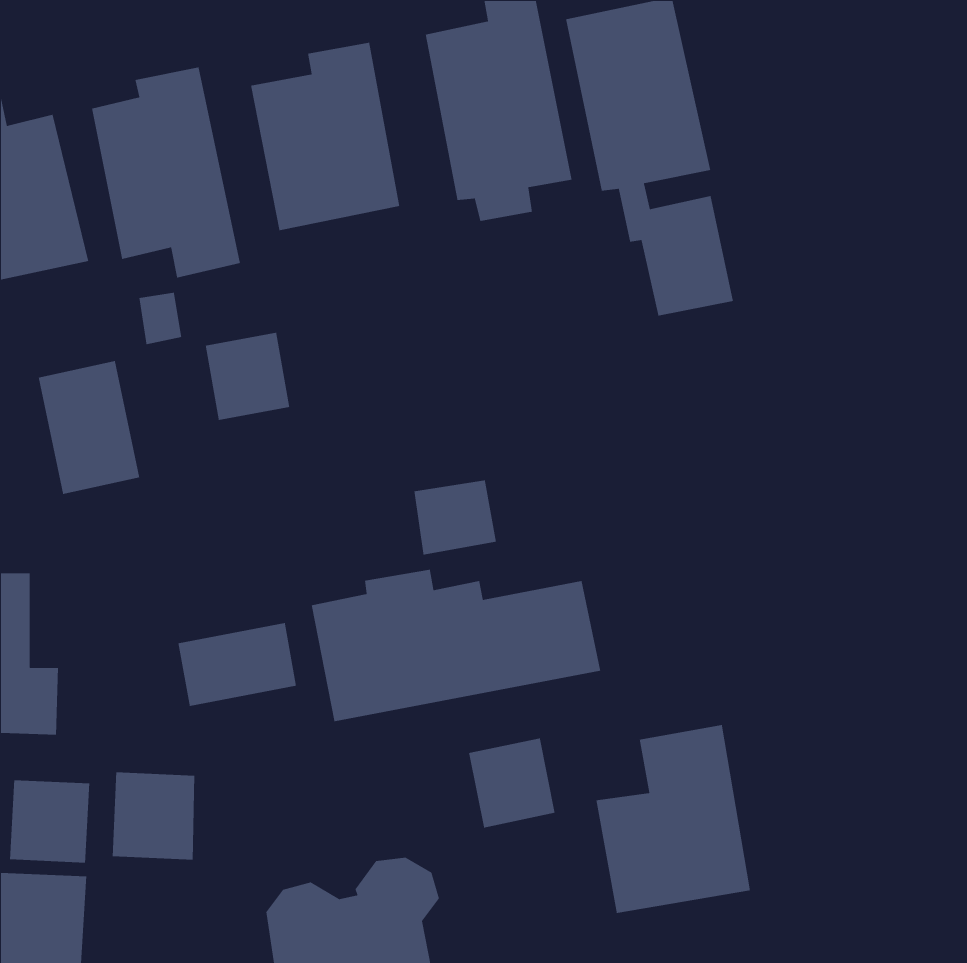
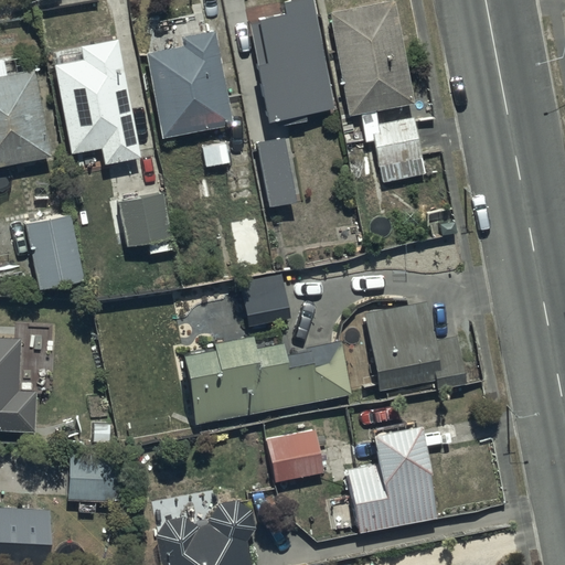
building: none -> [256,138,297,209]
building: none -> [365,301,467,391]
building: [178,622,297,707] -> none
building: [9,779,90,863] -> none

